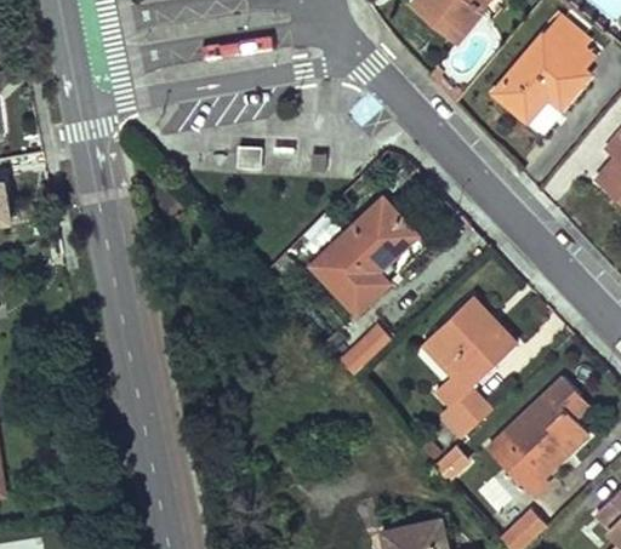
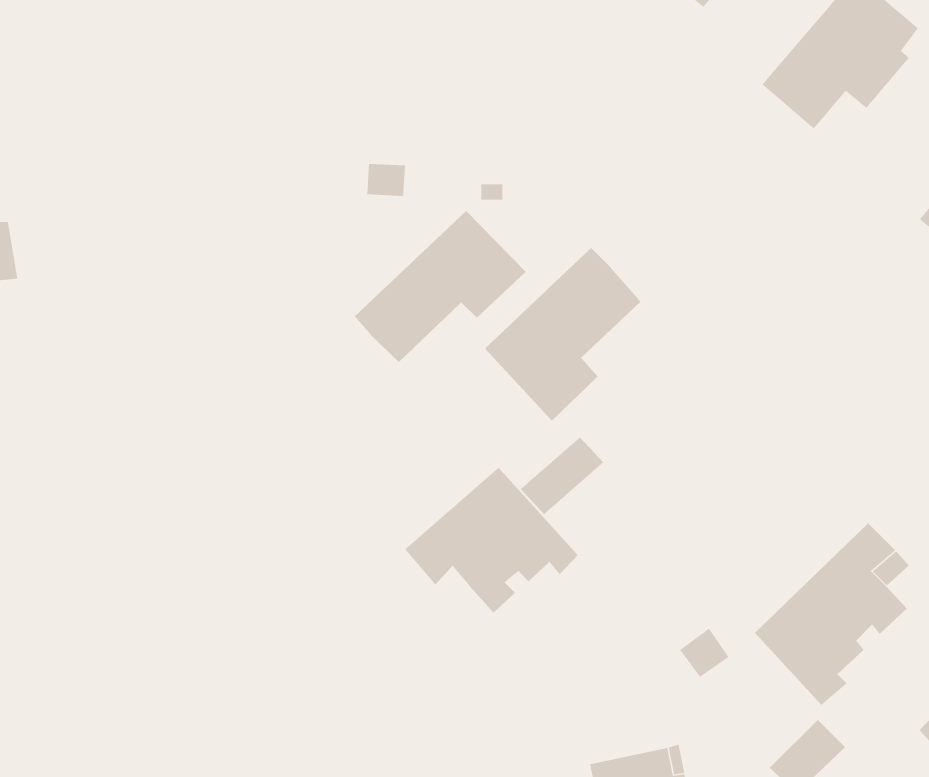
building: none -> [354,210,527,363]
building: [421,297,517,436] -> none
building: none -> [404,467,578,613]

